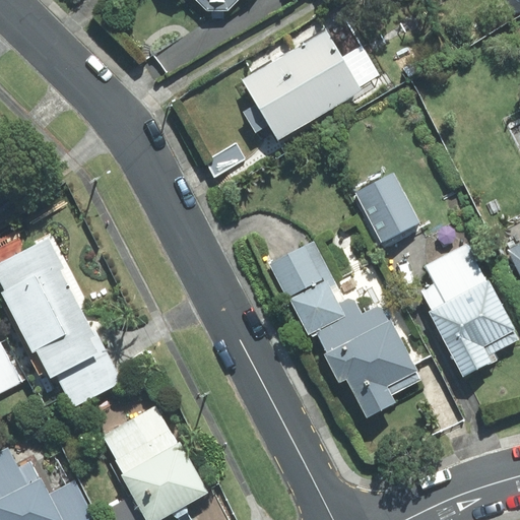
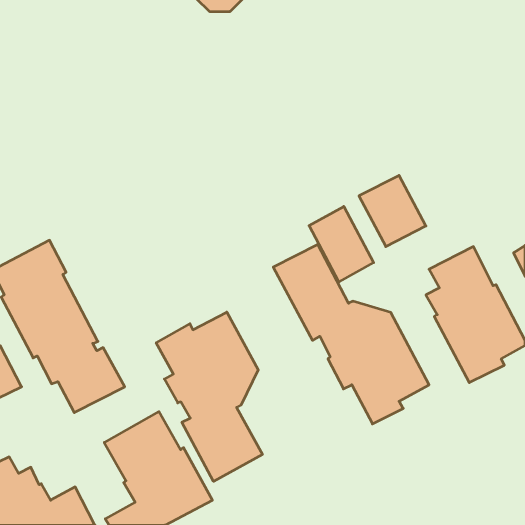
building: [242,30,362,140] -> none
building: none -> [309,206,374,282]
building: none -> [156,312,262,481]

